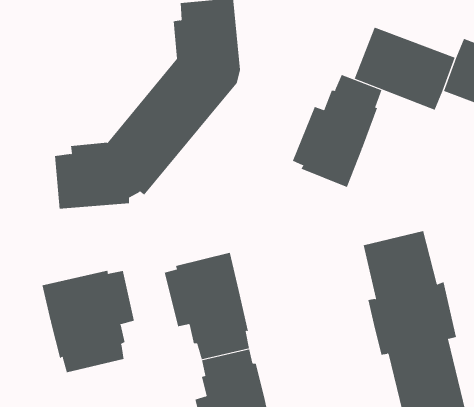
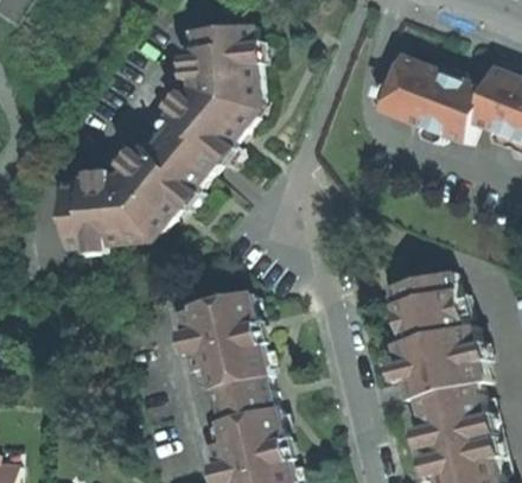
building: [292,74,382,188] -> none
building: [42,270,134,373] -> none

